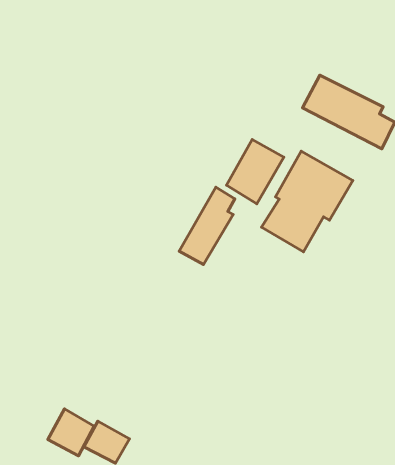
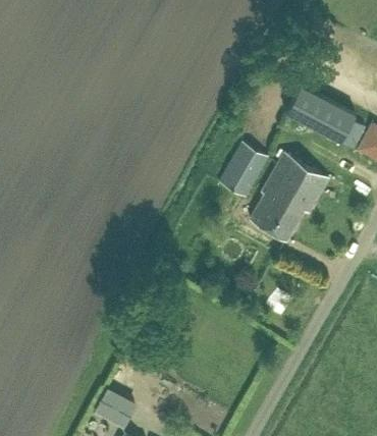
building: [179,187,235,264] -> none
building: [48,409,94,456] -> none

